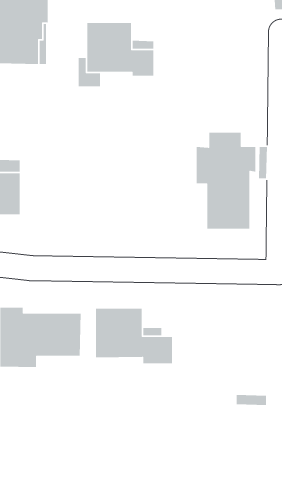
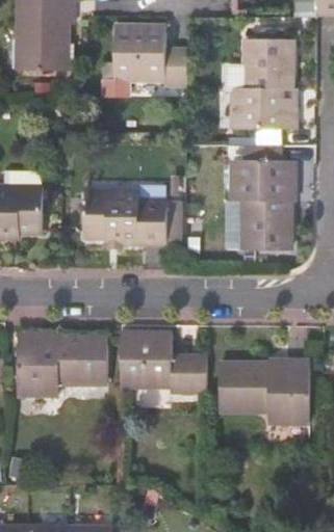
building: none -> [222,39,294,129]
building: none -> [84,191,166,245]
building: none -> [221,360,311,422]

